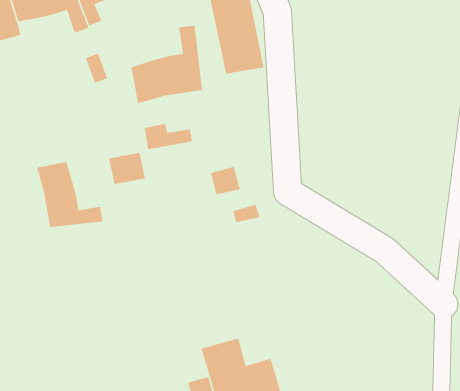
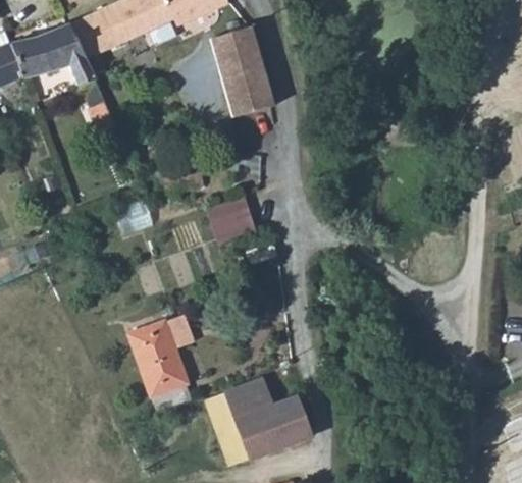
building: [131,25,203,104] -> none
building: [36,161,103,228] -> none
building: none -> [128,319,189,412]

